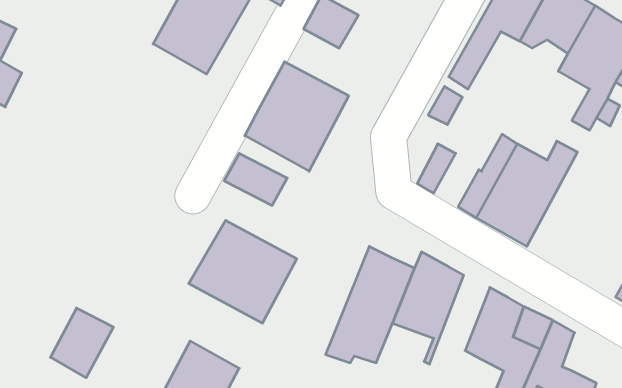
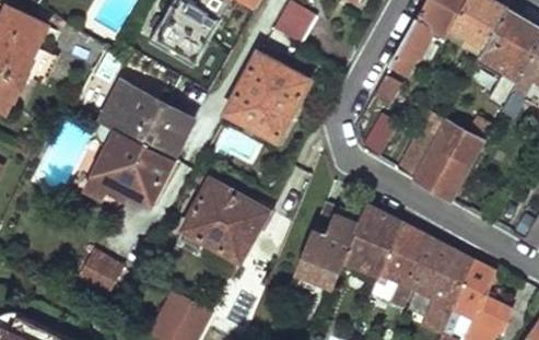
building: none -> [86,83,190,202]
building: none -> [374,224,422,307]

